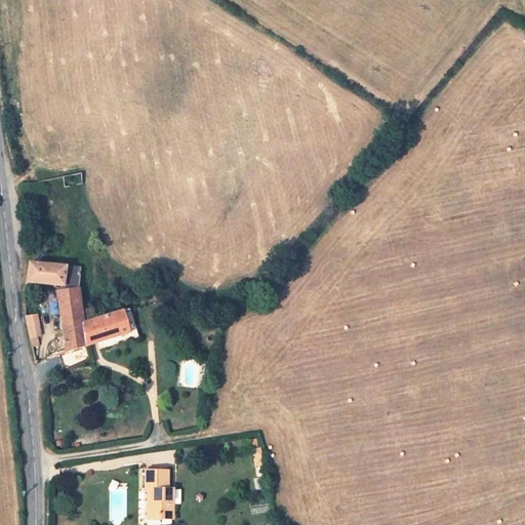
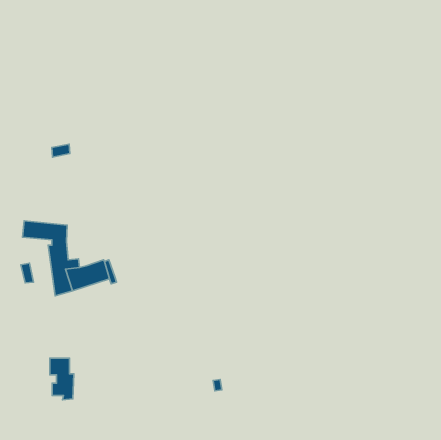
building: [145,470,173,519] -> [50,358,74,400]

